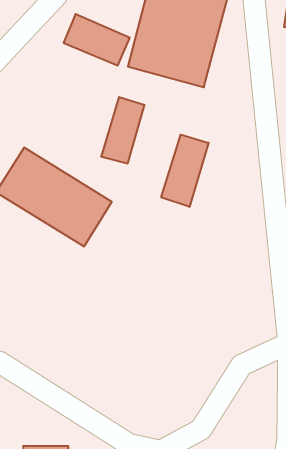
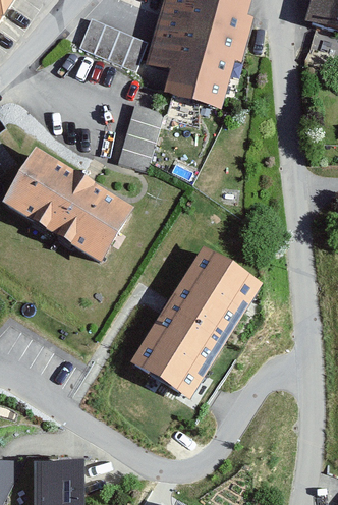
building: [161,135,209,207] -> none
building: none -> [132,246,267,399]

